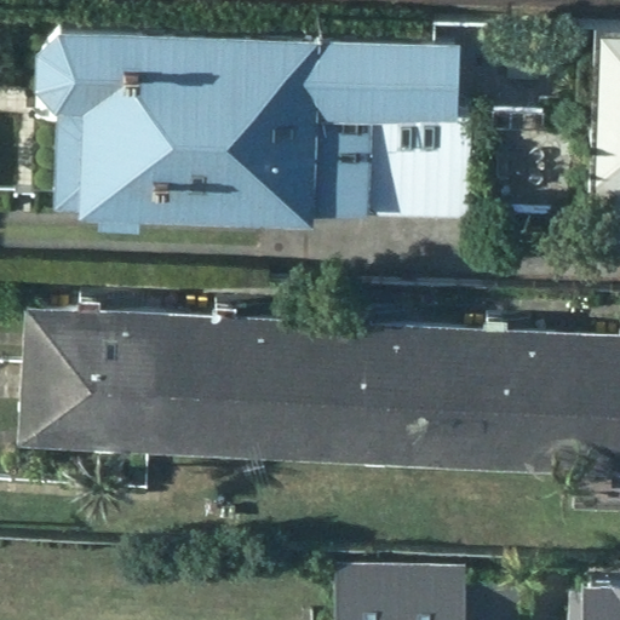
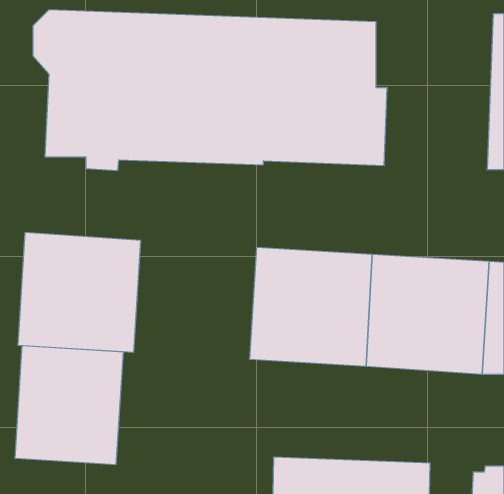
building: [162,311,311,455] -> none
building: none -> [15,346,123,465]

